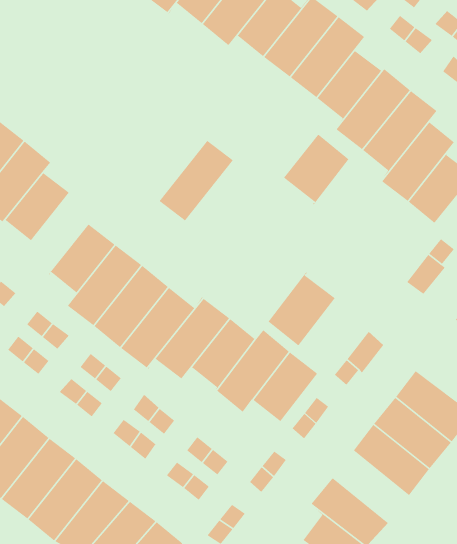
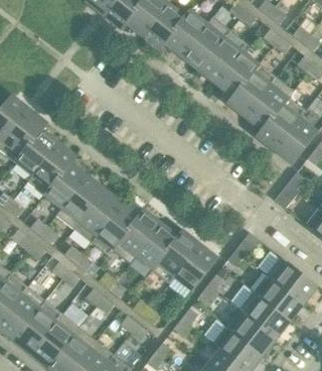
building: [274,133,349,205] -> none
building: [158,140,234,222] -> [27,142,75,195]
building: [259,272,345,346] -> none
building: none -> [226,307,276,354]

